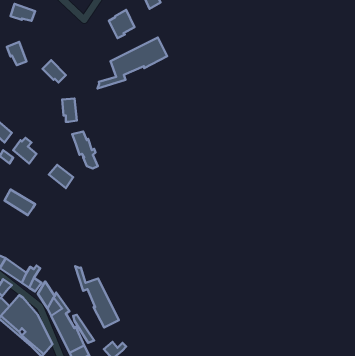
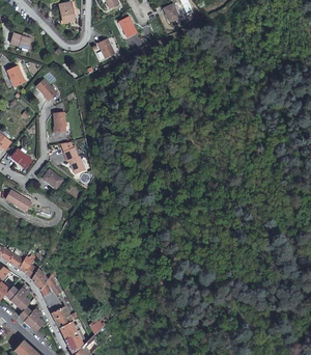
building: [98,38,167,89] -> none
building: [75,266,119,328] -> none

